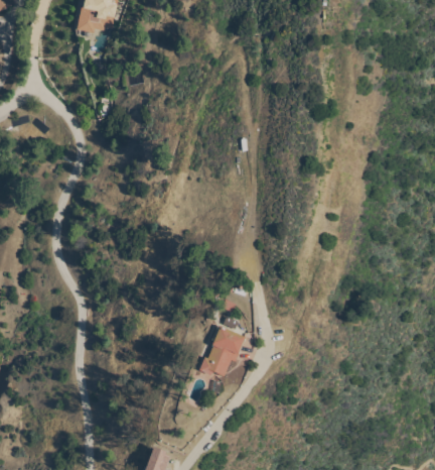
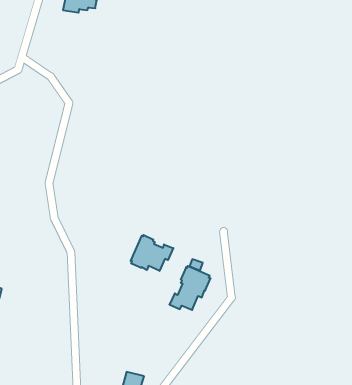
building: none -> [131,235,173,271]

